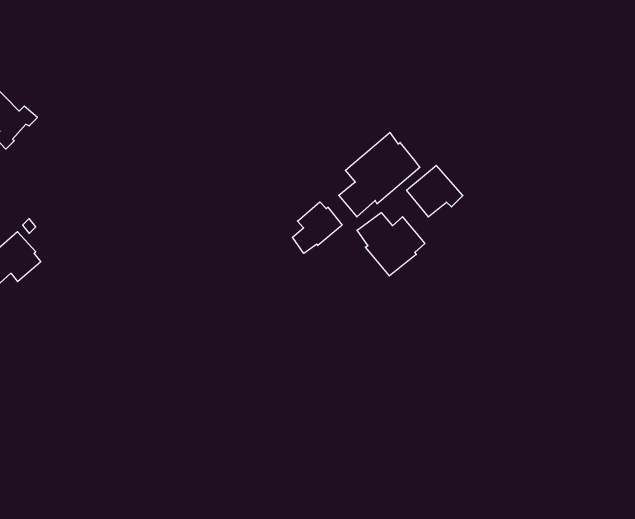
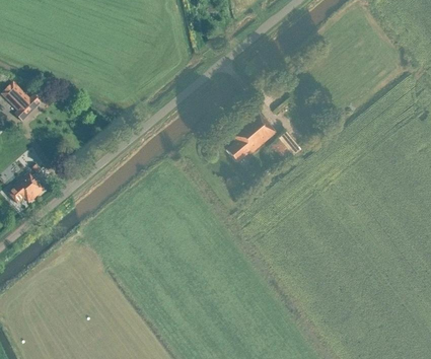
building: [292,202,342,253] -> none
building: [357,213,425,276] -> none

